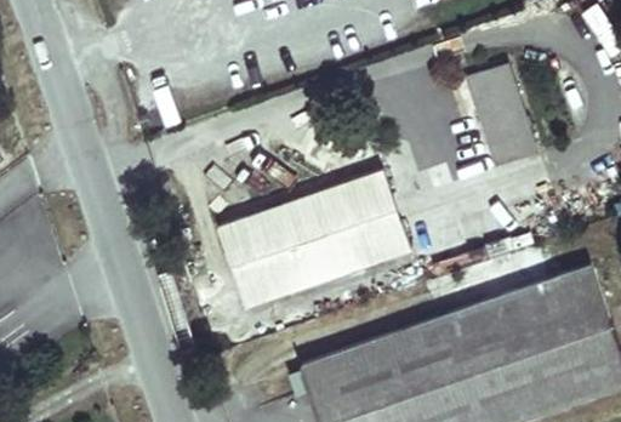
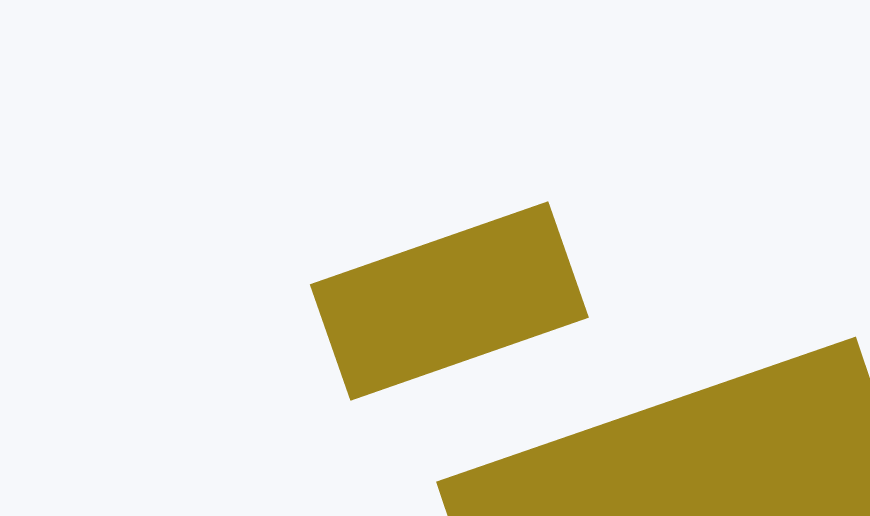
building: [466,63,536,165] -> none

